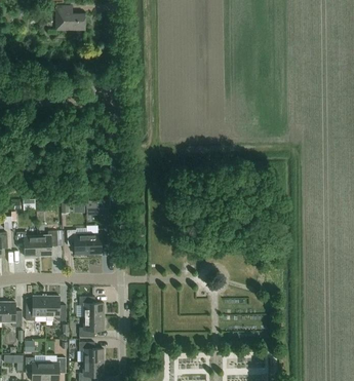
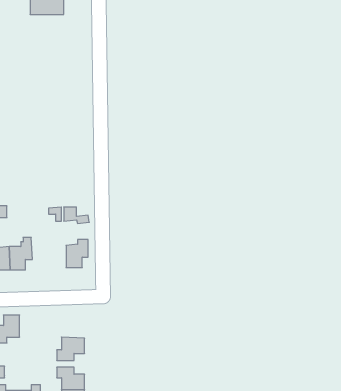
building: [67,230,87,255] -> none
building: [46,296,66,320] -> none
building: [79,296,104,316] -> none

